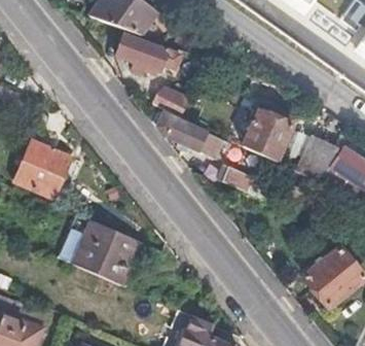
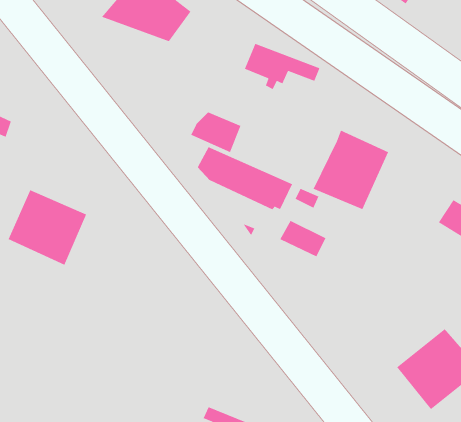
building: [115,35,172,70] -> [244,43,320,90]
building: [296,132,339,178] -> none
building: [60,214,140,284] -> none

